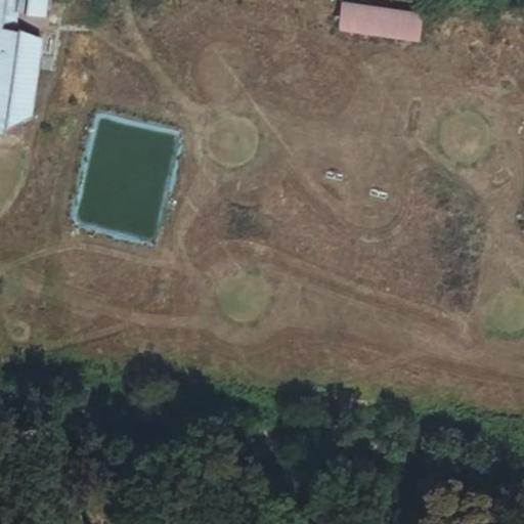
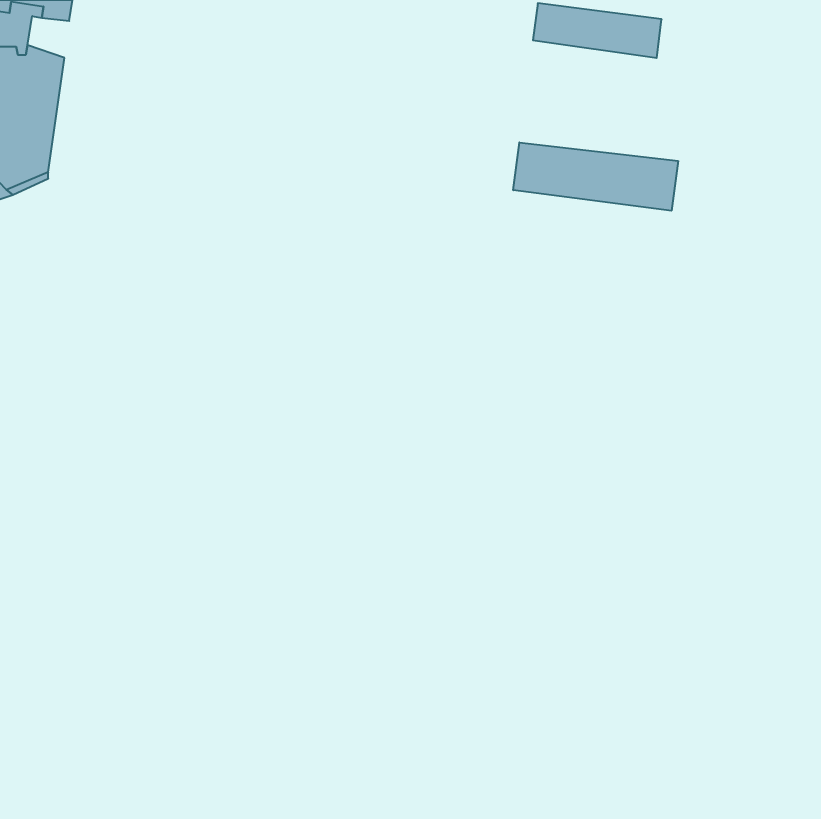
building: none -> [513,142,678,211]

